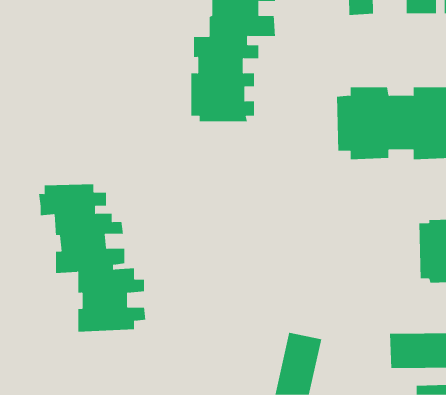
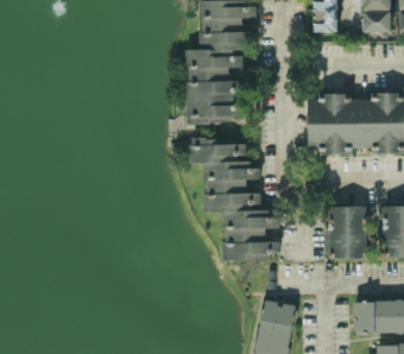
building: [38,184,146,332] -> [188,135,279,261]
building: none -> [323,204,372,257]

